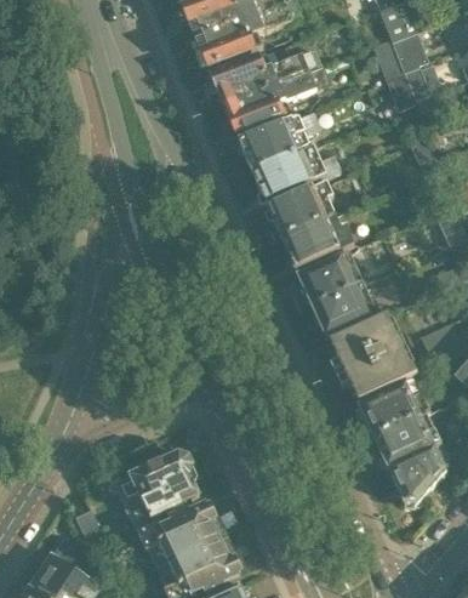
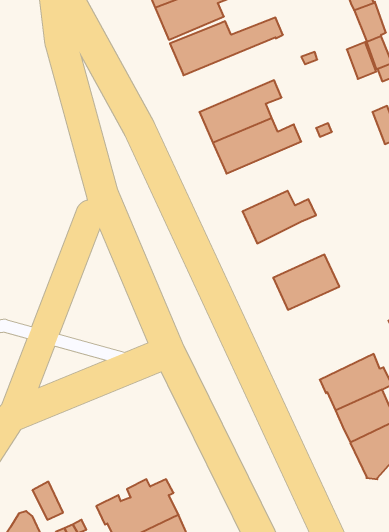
building: [371,35,404,78] -> none
building: [223,67,320,136] -> none
building: [268,181,332,239] -> none
building: [297,250,363,304] -> none
building: [330,312,416,400] -> none
building: [113,451,198,525] -> none

